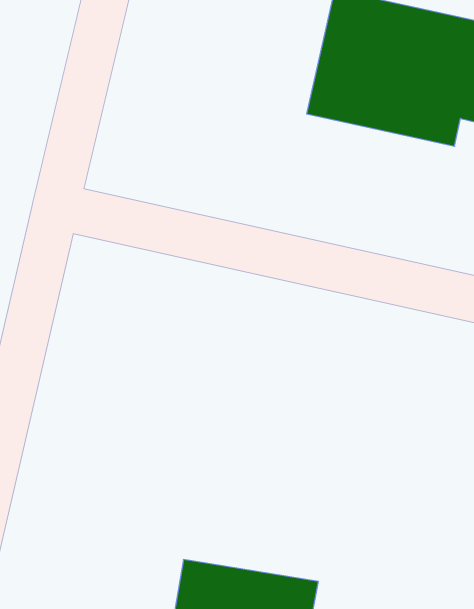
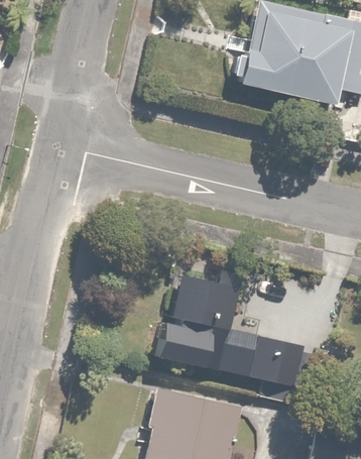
building: none -> [156,278,294,382]

